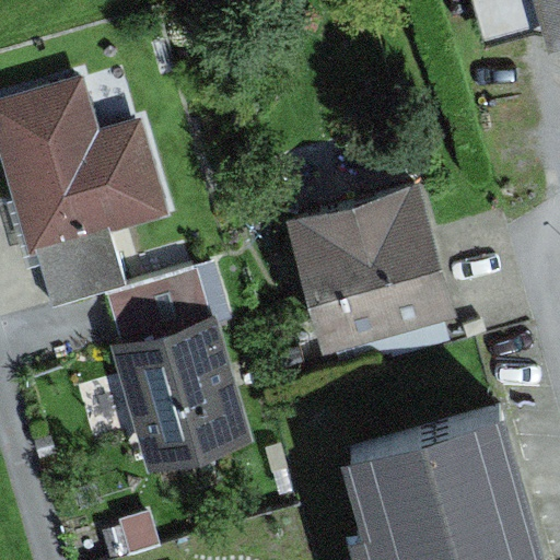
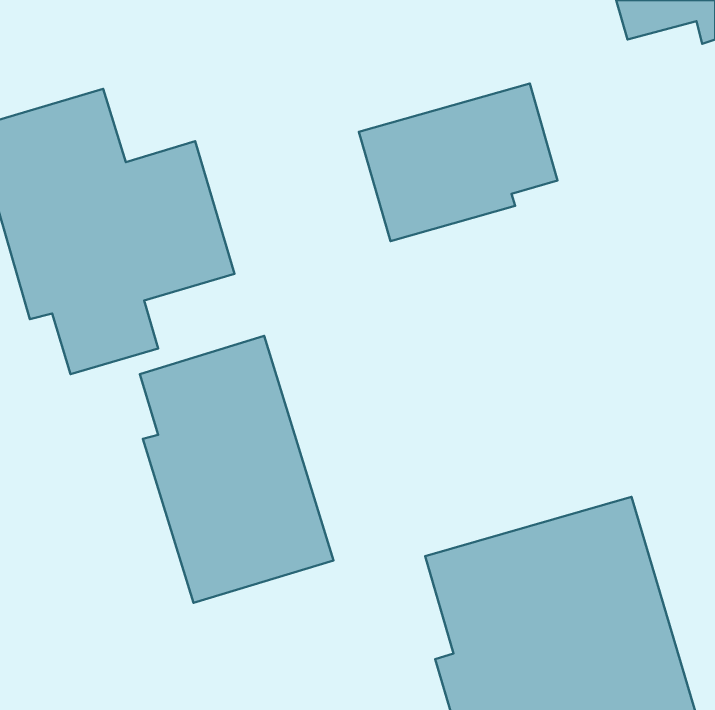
building: none -> [359,83,558,241]
building: [281,174,452,371] -> none

